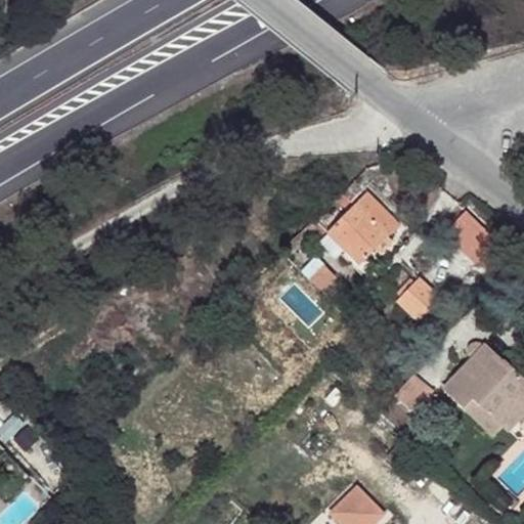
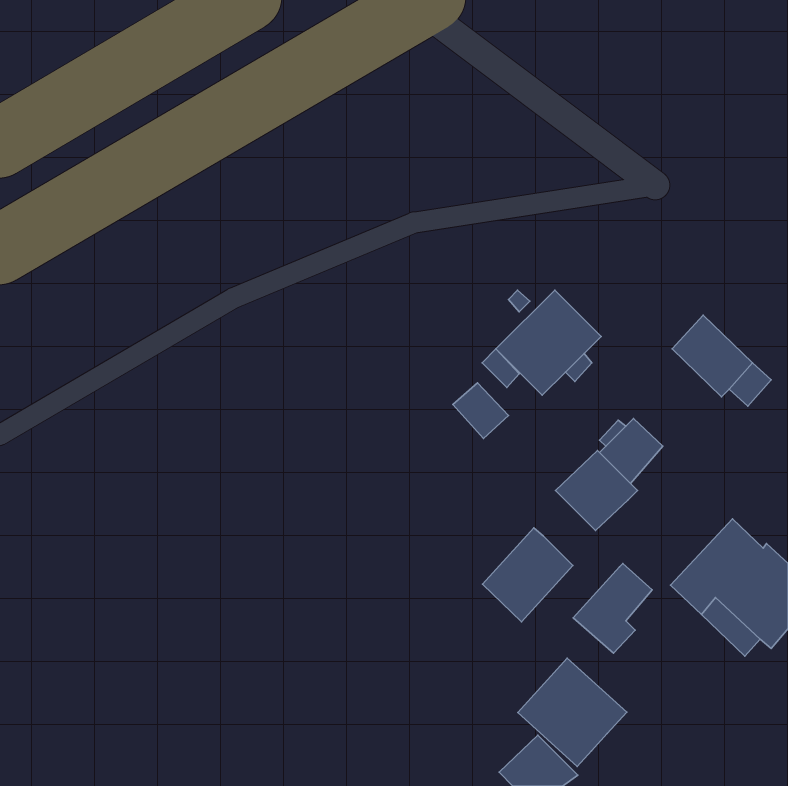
building: none -> [556,450,637,531]
building: none -> [483,528,573,622]
building: none -> [518,658,627,767]

